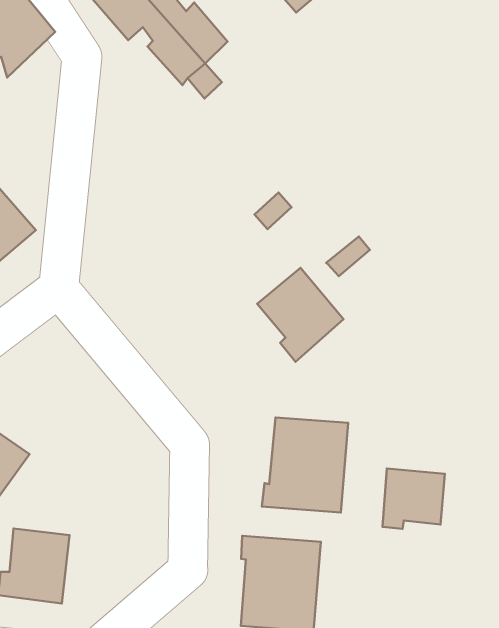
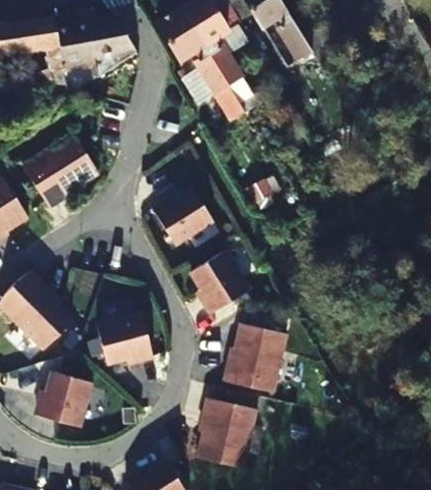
building: none -> [151,192,212,247]
building: [257,268,344,362] -> [189,255,244,316]
building: none -> [93,314,149,363]
building: [383,469,445,529] -> none

